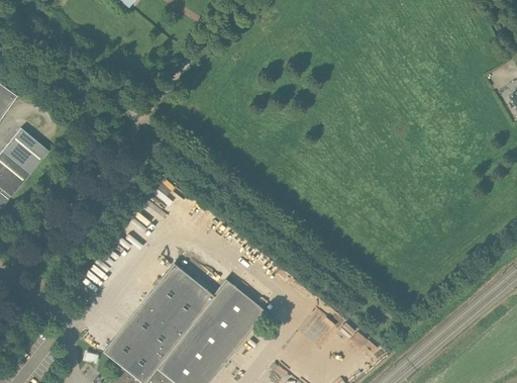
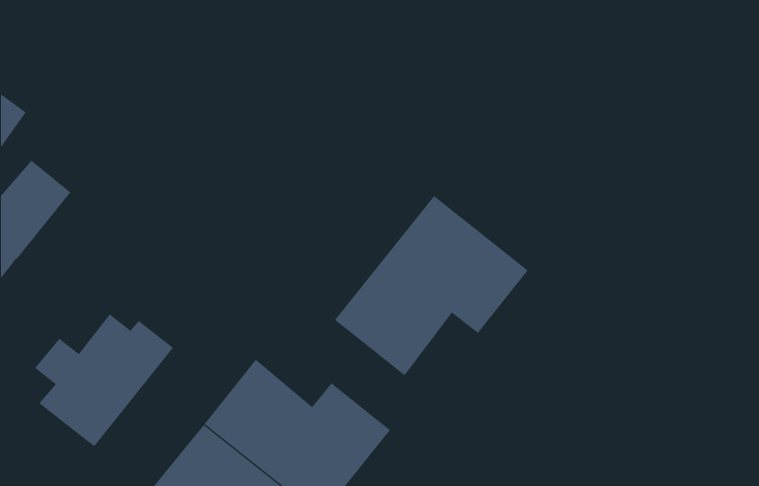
building: none -> [334,195,529,376]
building: none -> [34,314,174,447]

